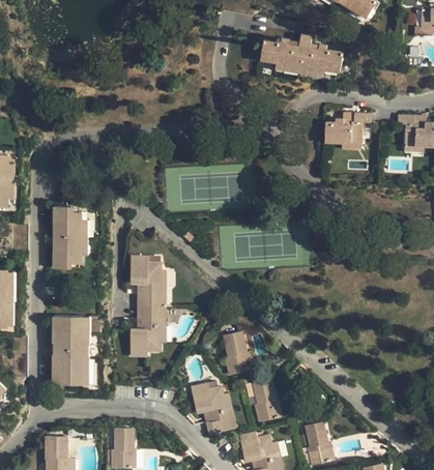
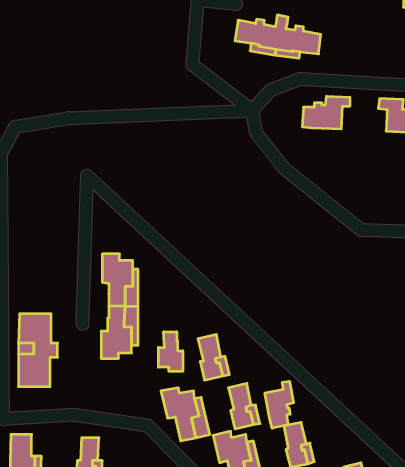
building: [55,215,84,278] -> none
building: none -> [158,332,183,371]
building: none -> [265,381,294,428]

